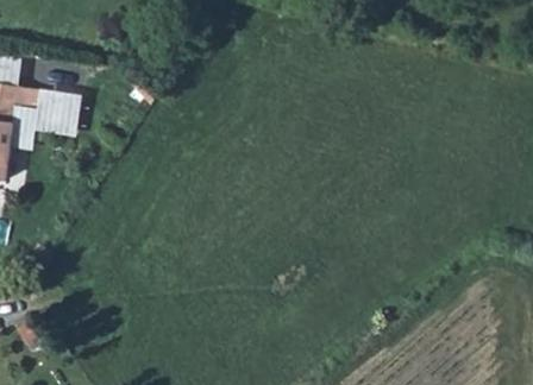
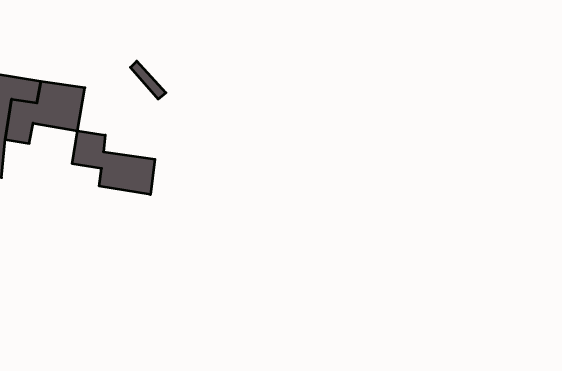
building: none -> [72,131,155,195]

